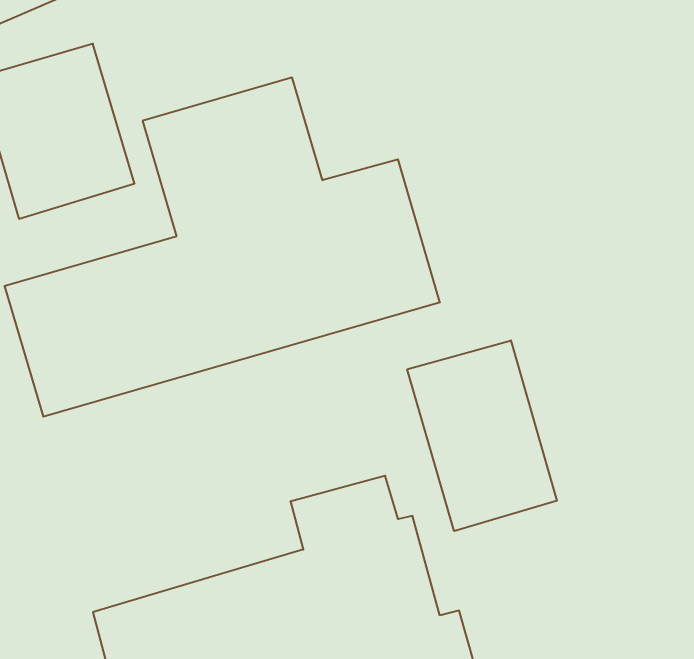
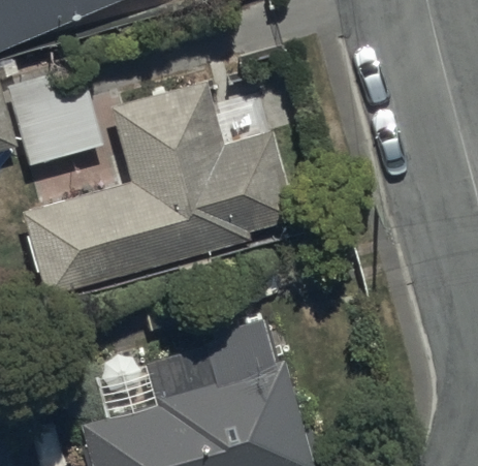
building: [407,340,557,531] -> none

